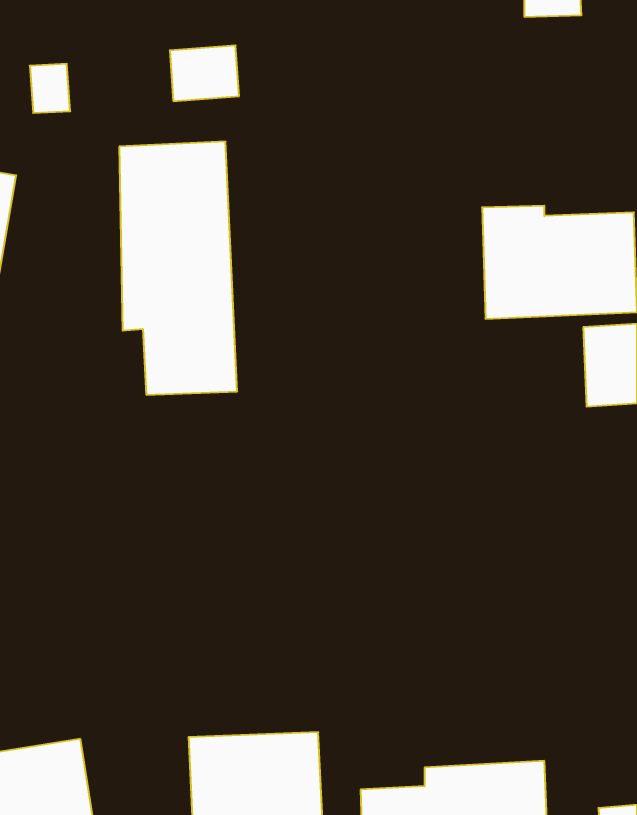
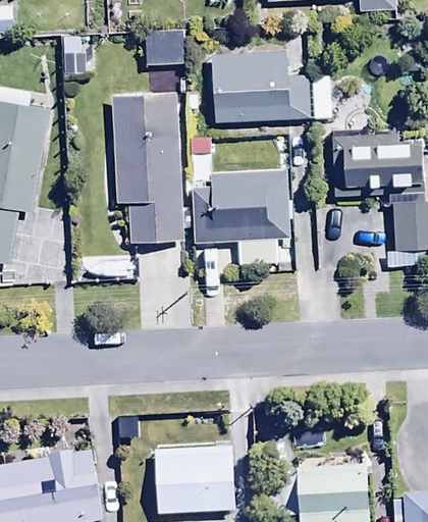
building: none -> [214,54,311,120]
building: none -> [193,169,289,265]

